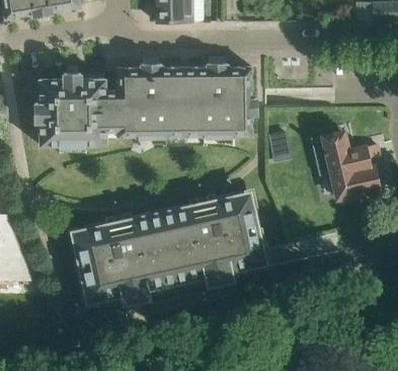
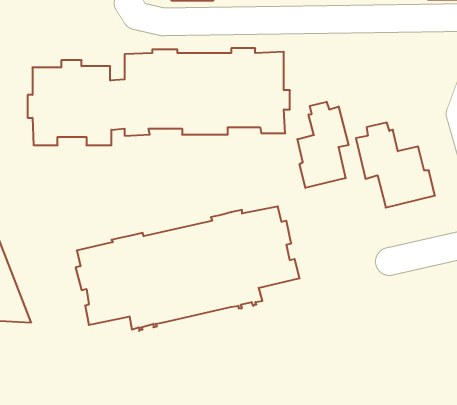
building: none -> [297,102,348,188]

